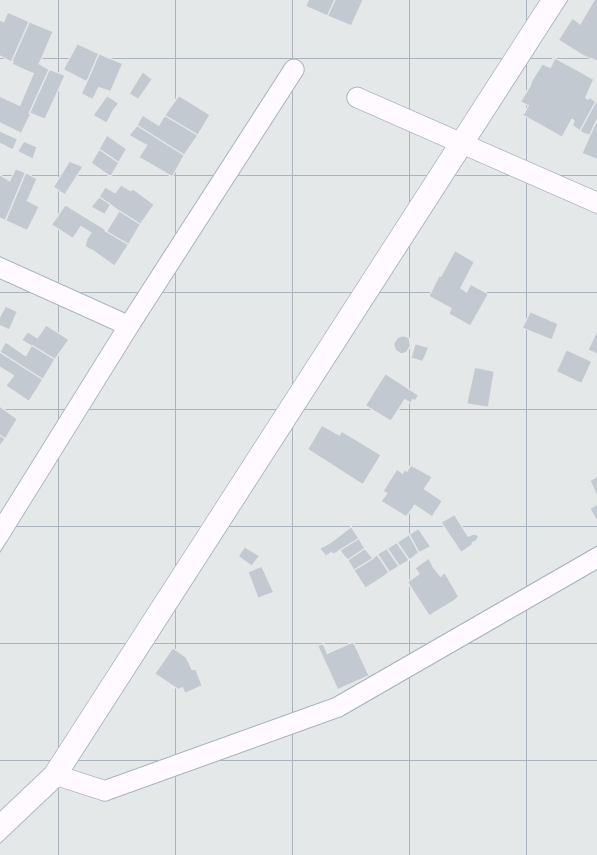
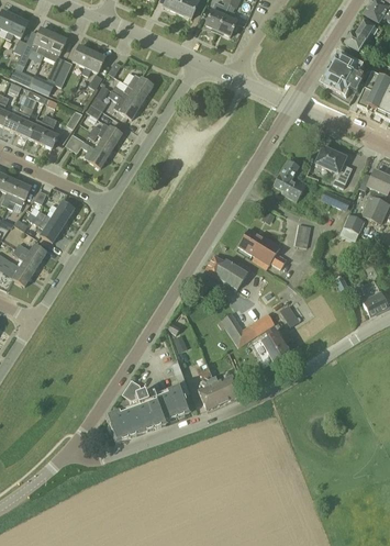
building: none -> [315,145,353,182]
building: [381,465,442,517] -> [252,238,286,267]
building: none -> [197,363,223,409]
building: none -> [105,383,189,441]

